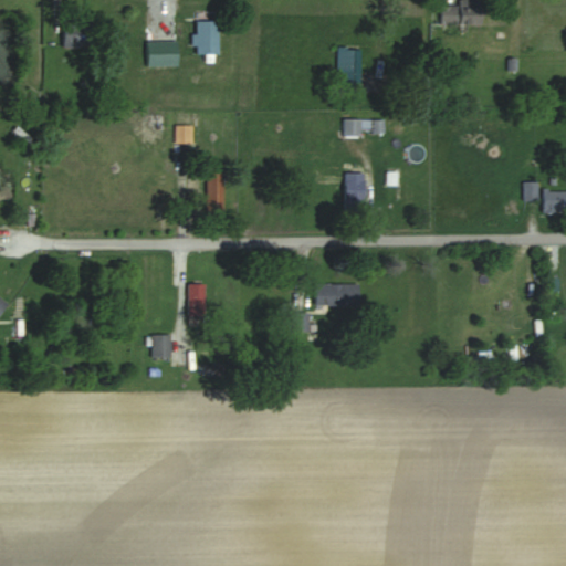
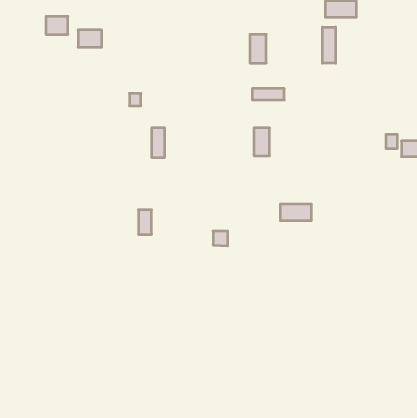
building: [197,21,219,54] -> none
building: none -> [322,27,336,63]
building: [147,43,179,66] -> [78,30,102,47]
building: [317,284,359,306] -> [280,204,311,221]
building: [153,335,172,358] -> none

